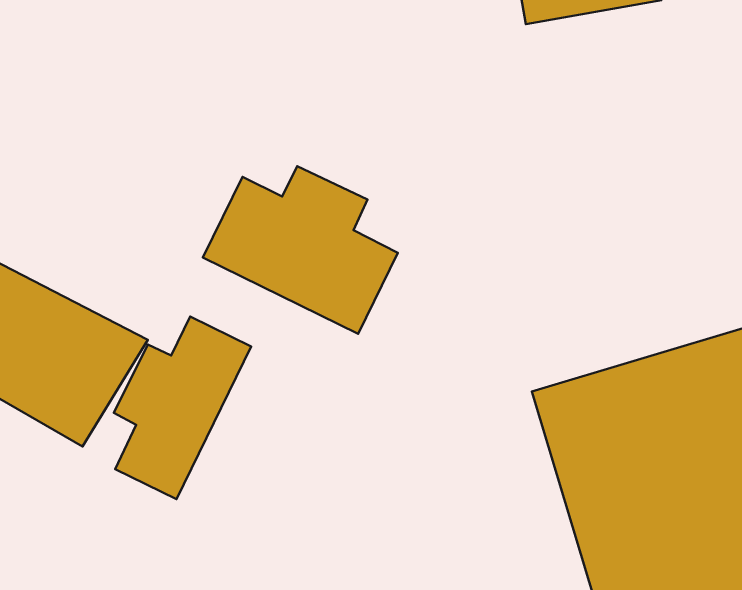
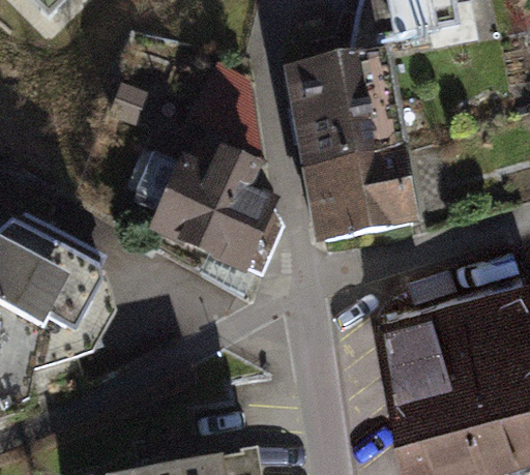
building: none -> [292,68,413,250]
building: [114,316,251,499] -> none

